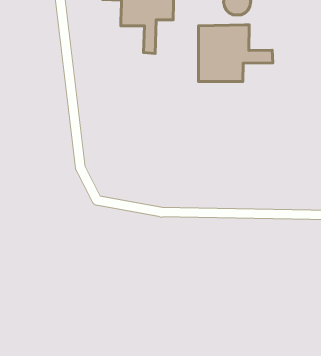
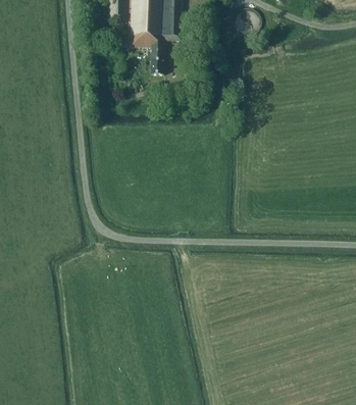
building: [198,25,273,82] -> none

